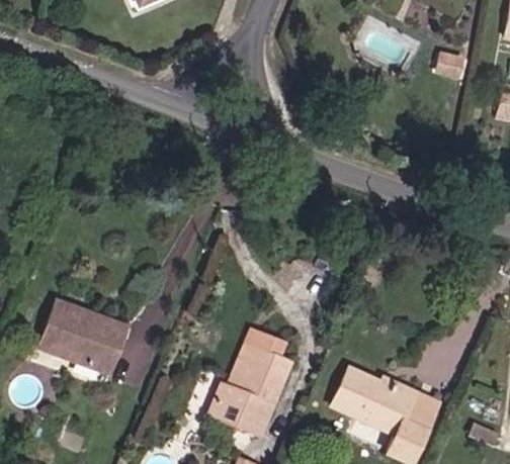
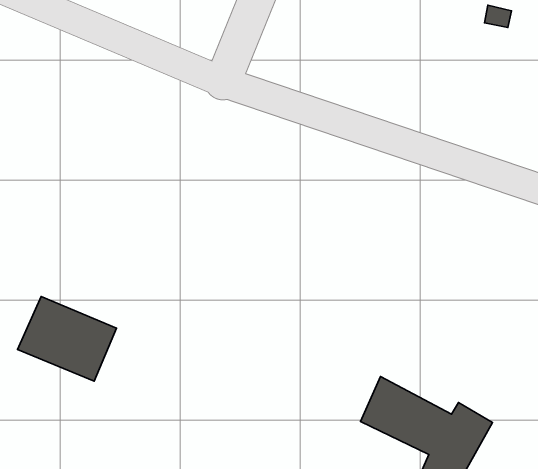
building: [215,329,298,433] -> none

